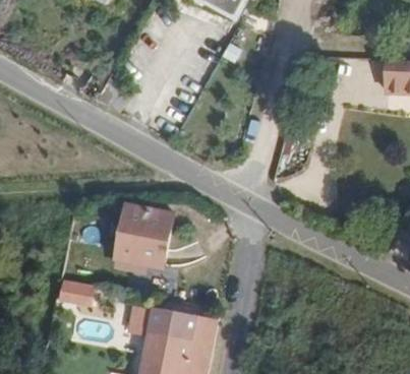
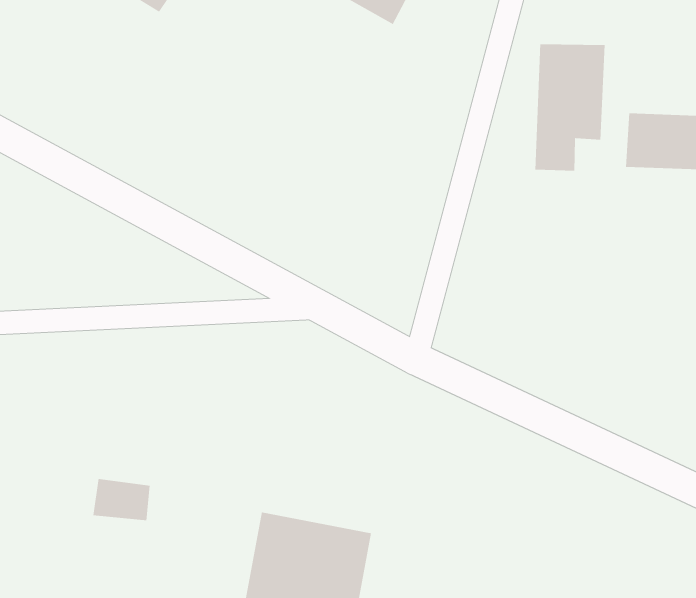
building: none -> [535,43,605,171]
building: [123,205,173,264] -> none

